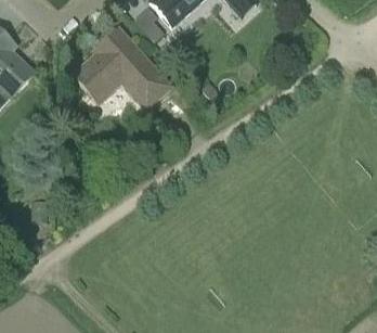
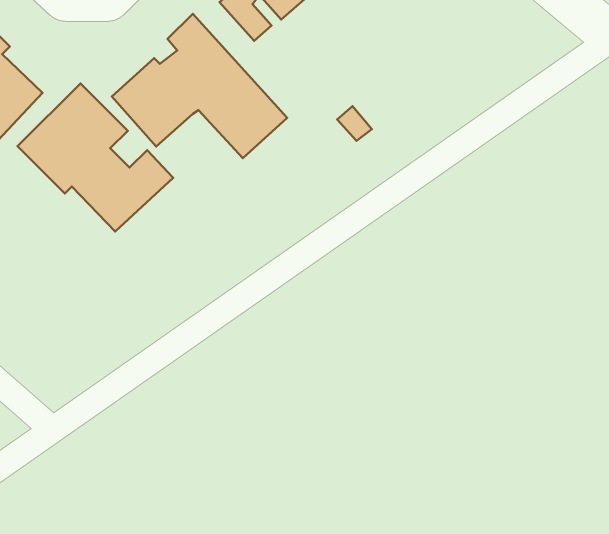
building: none -> [17,83,173,231]

